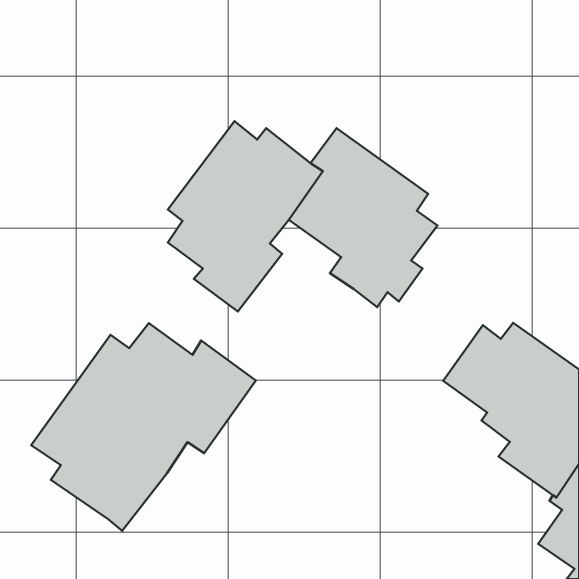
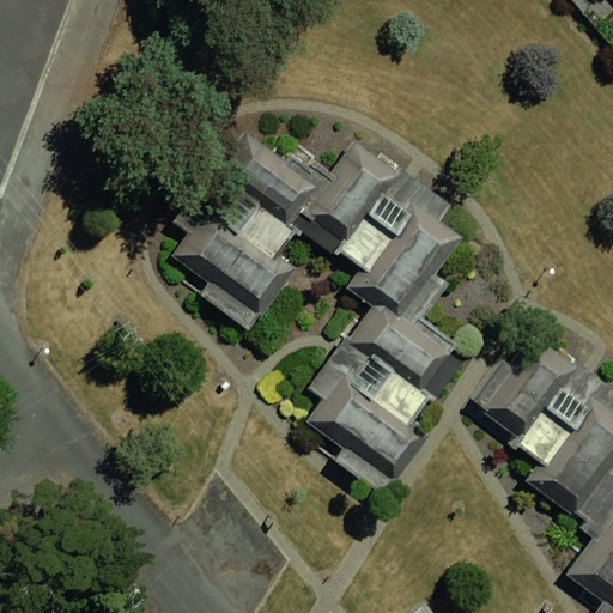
building: none -> [308,305,467,494]
building: [31,323,256,531] -> none

